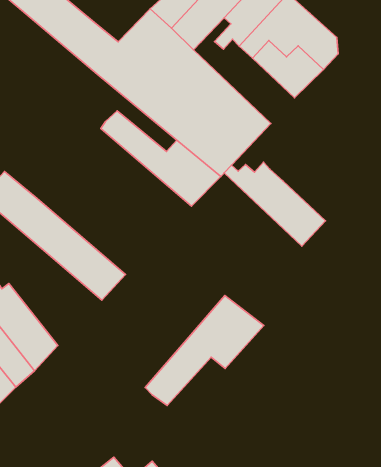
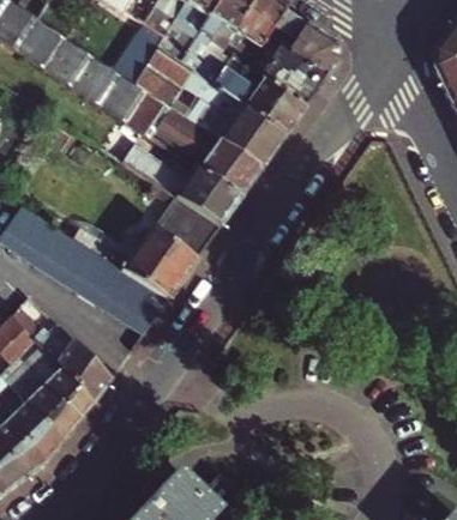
building: [224,162,325,246] -> [203,59,306,134]
building: none -> [73,194,222,298]
building: [145,295,264,406] -> none

